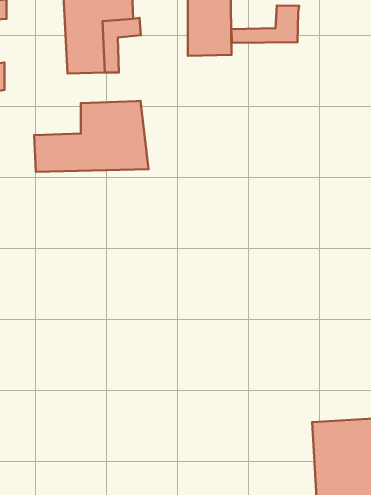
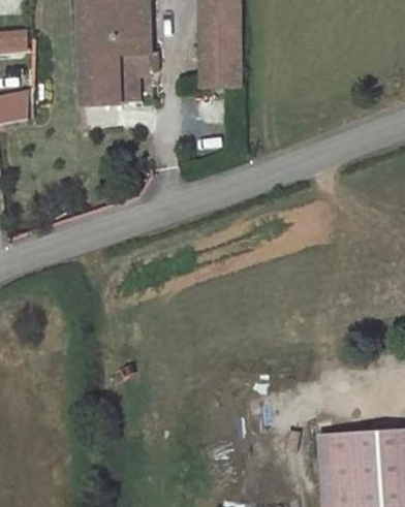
building: [231,6,299,43] -> none
building: [34,101,148,172] -> none

